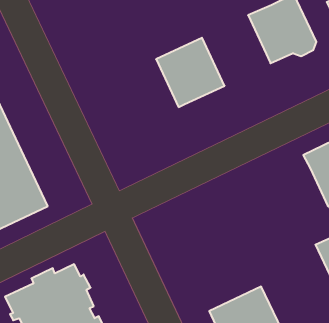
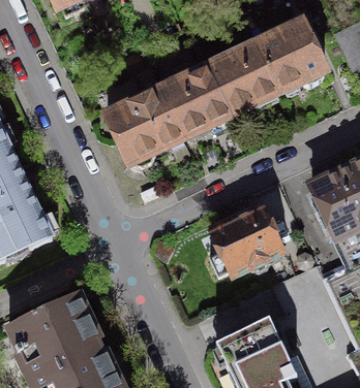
building: none -> [209,41,278,112]
building: none -> [108,86,185,164]
building: none -> [210,203,286,272]

